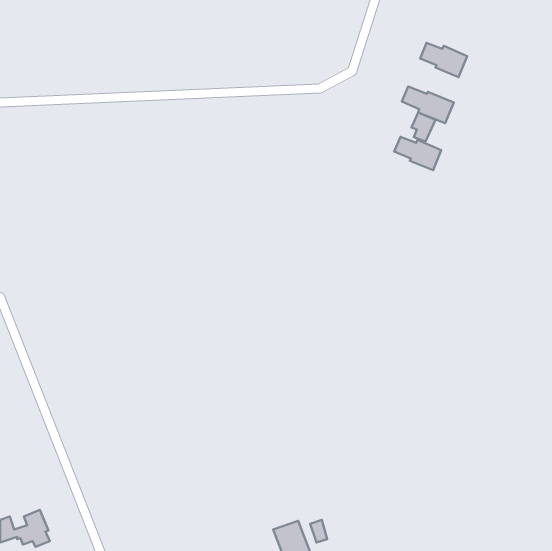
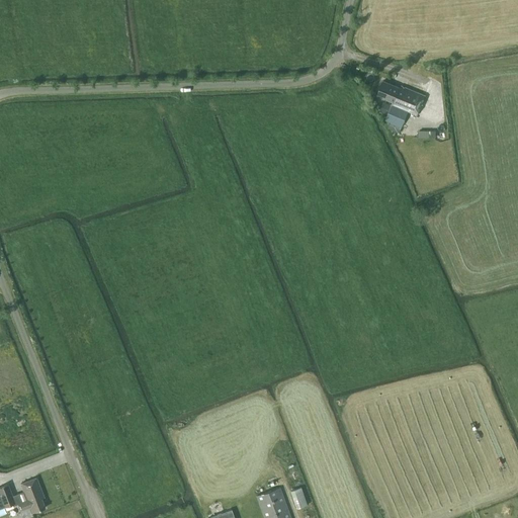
building: [420,43,467,77] -> none
building: [394,137,441,170] -> none

